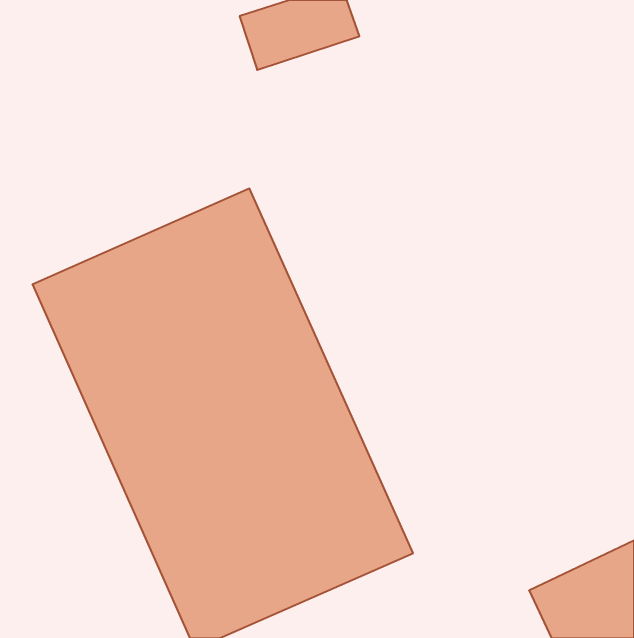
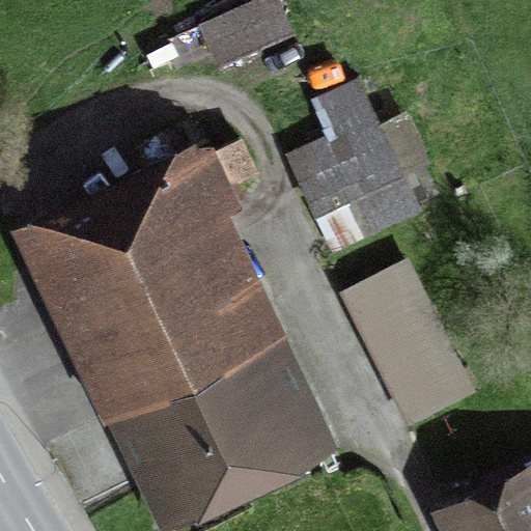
building: none -> [295,63,416,240]
building: none -> [339,262,468,430]

